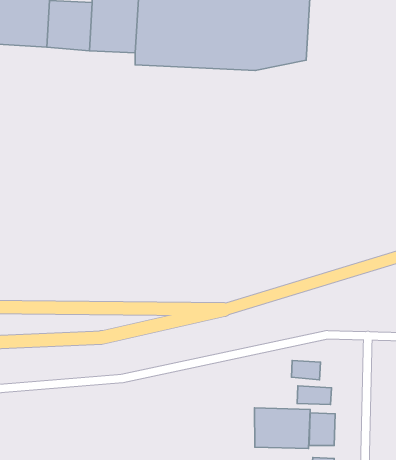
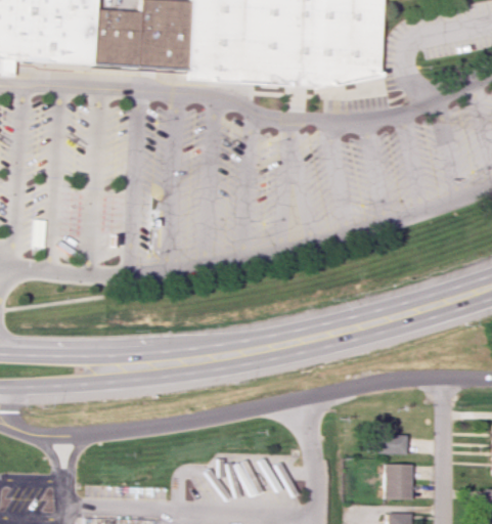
building: [291,361,321,380] -> none
building: [254,408,310,449] -> none

